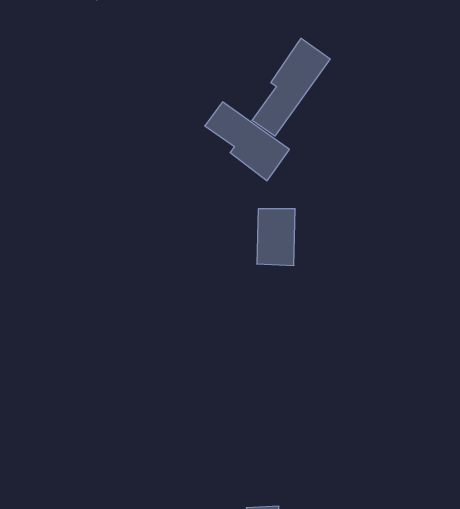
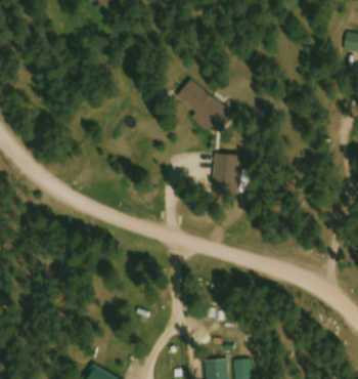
building: [252,38,330,136] -> none

